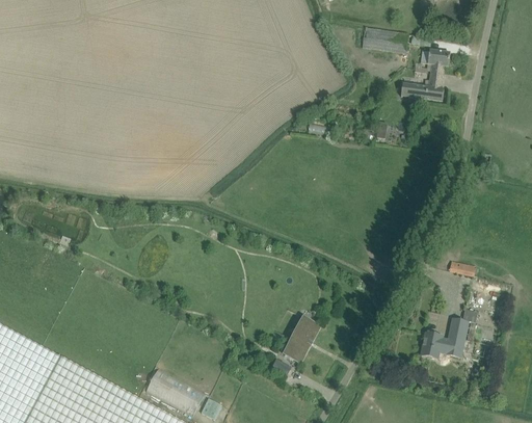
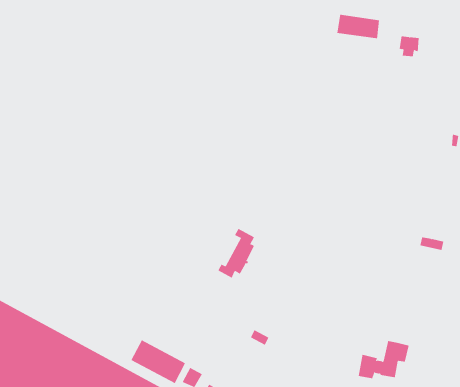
building: [400,71,442,101] -> none
building: [278,307,318,360] -> [217,228,255,279]
building: [420,318,474,359] -> [358,340,409,379]

